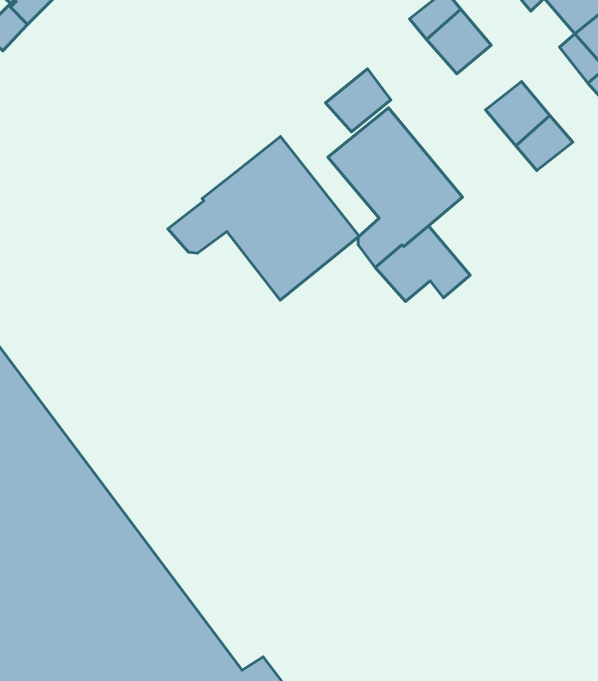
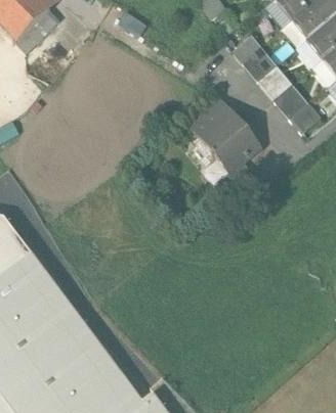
building: none -> [257,63,292,98]
building: [326,69,391,132] -> none
building: [168,137,359,300] -> none

